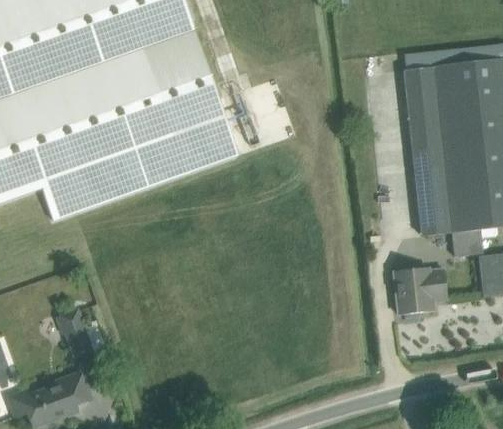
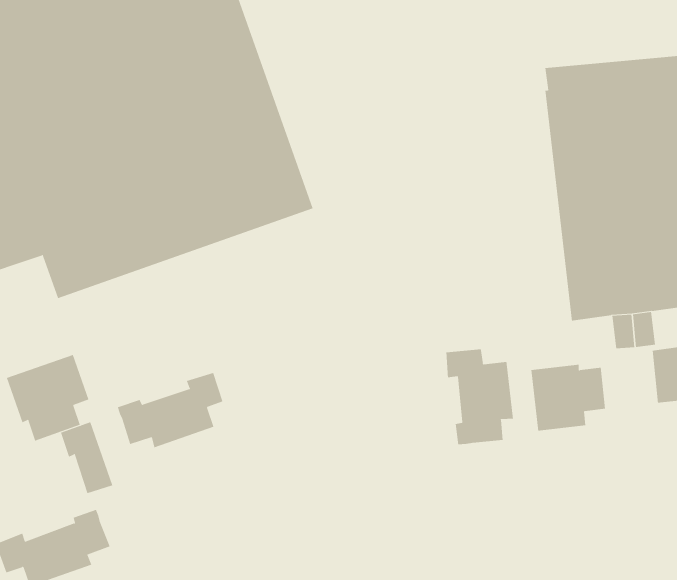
building: none -> [446,349,513,445]
building: none -> [6,354,89,442]
building: none -> [117,372,223,448]

